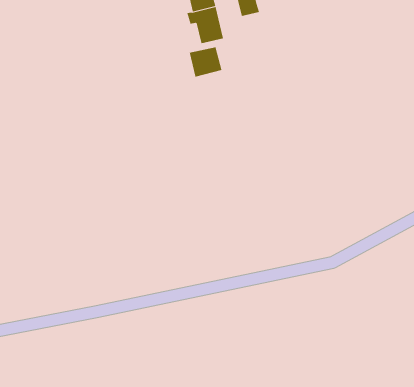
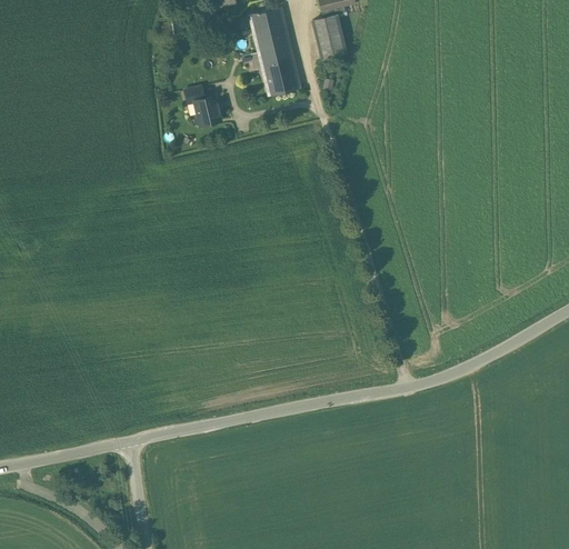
building: none -> [193,94,220,124]
building: [189,46,222,77] -> none

